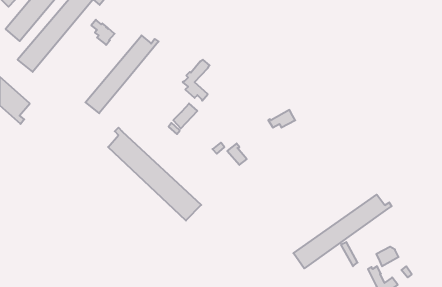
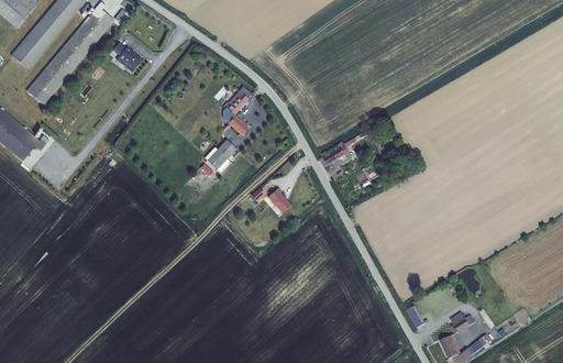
building: [85,35,159,113] -> none
building: [108,128,201,221] -> none
building: [293,195,392,268] -> none

